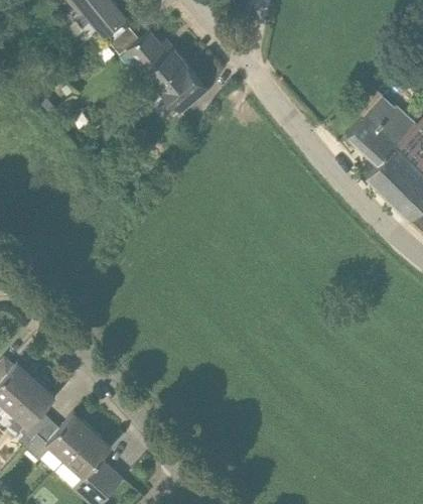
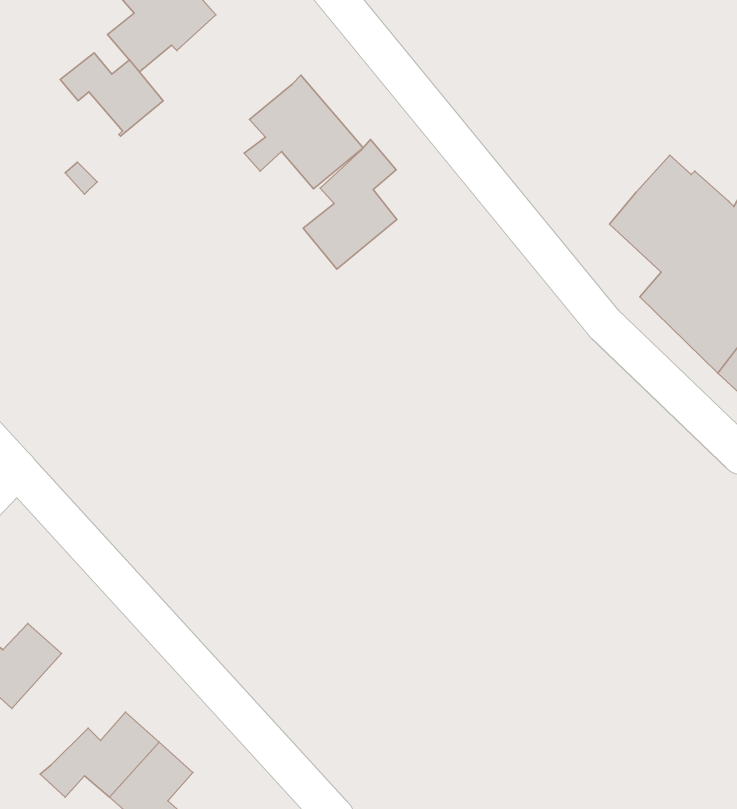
building: [109,28,167,76] -> [60,53,163,136]
building: none -> [303,140,397,269]
building: [8,379,55,443] -> none

